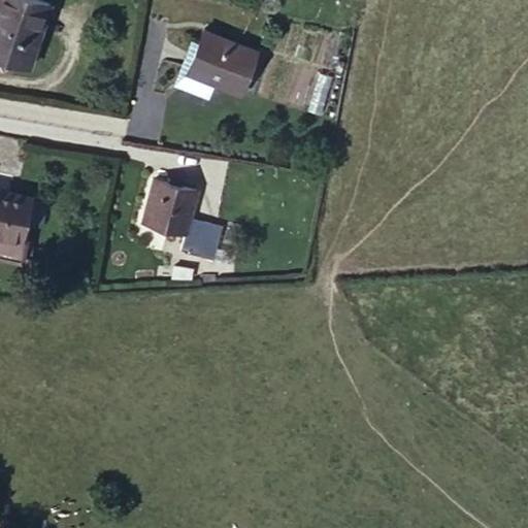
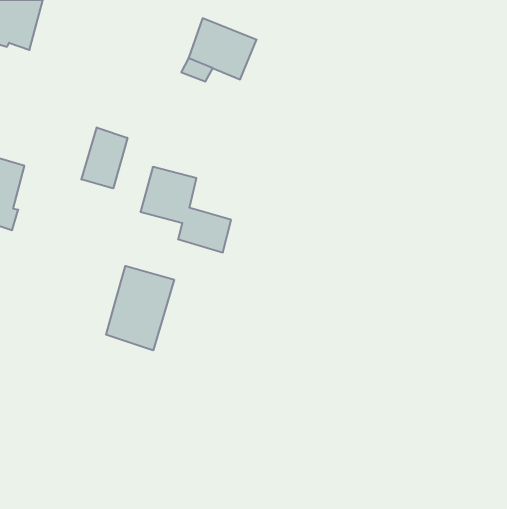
building: none -> [81,127,127,188]
building: none -> [106,266,174,350]

